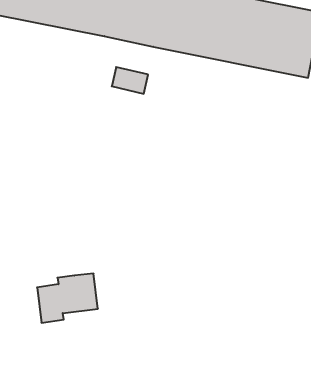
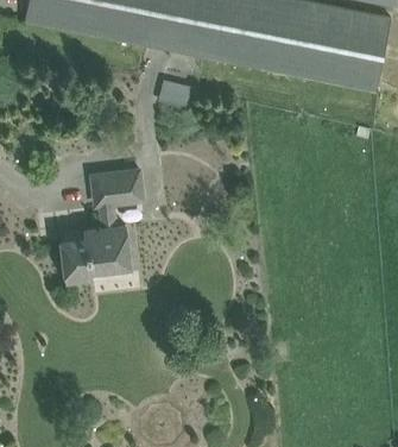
building: none -> [93,169,144,204]
building: [37,274,98,323] -> [63,225,131,279]

